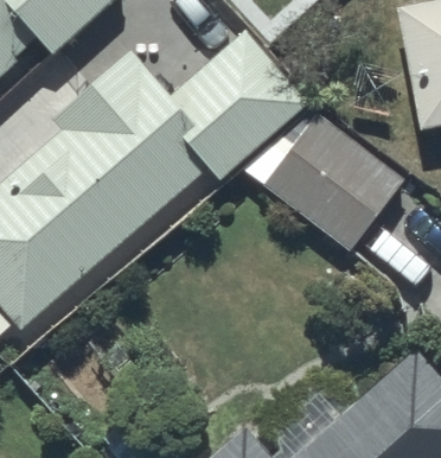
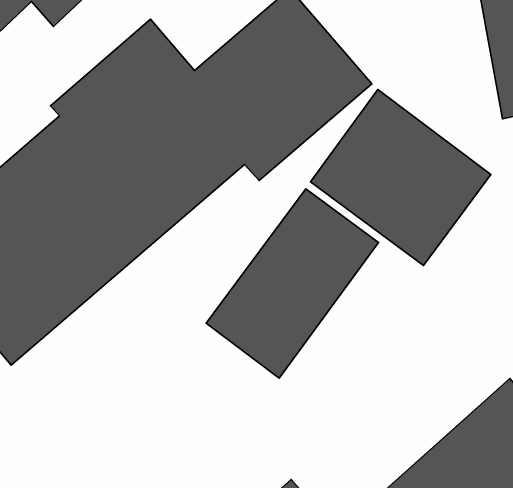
building: none -> [206,189,379,378]

